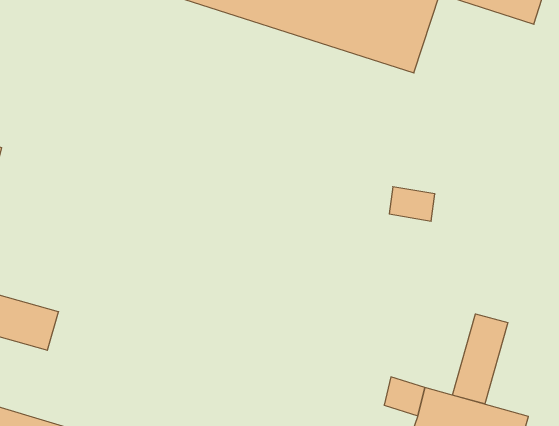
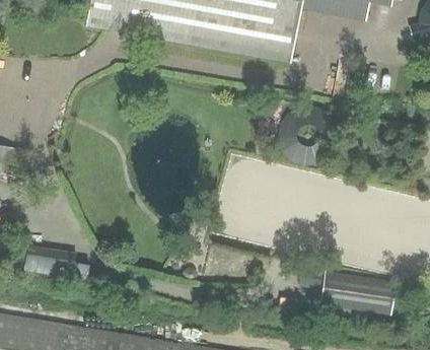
building: [452,314,508,404] -> none

